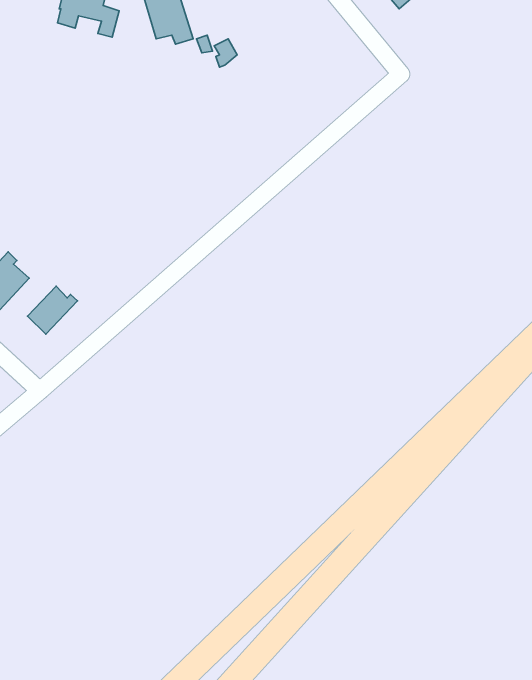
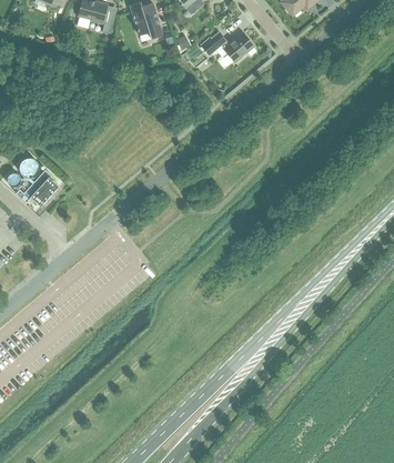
building: none -> [202,31,255,62]
building: [28,286,78,334] -> none

